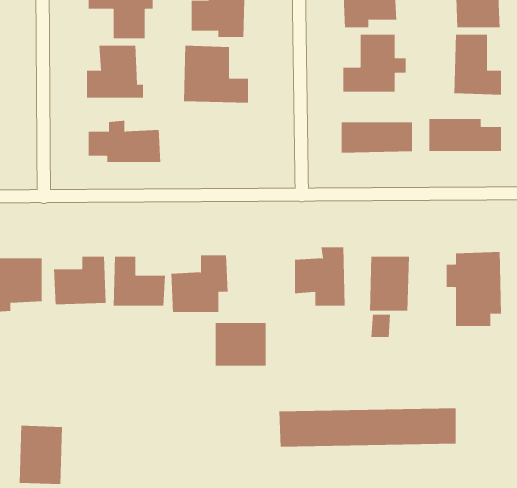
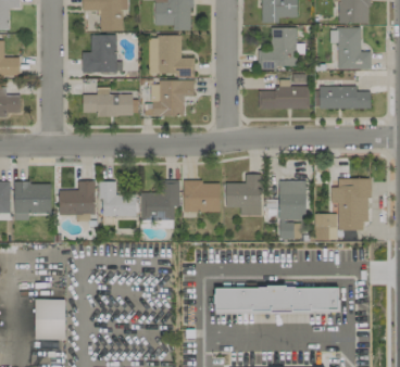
building: none -> [145,80,195,117]
building: none -> [315,213,337,241]
building: [215,323,266,366] -> [184,181,220,212]

